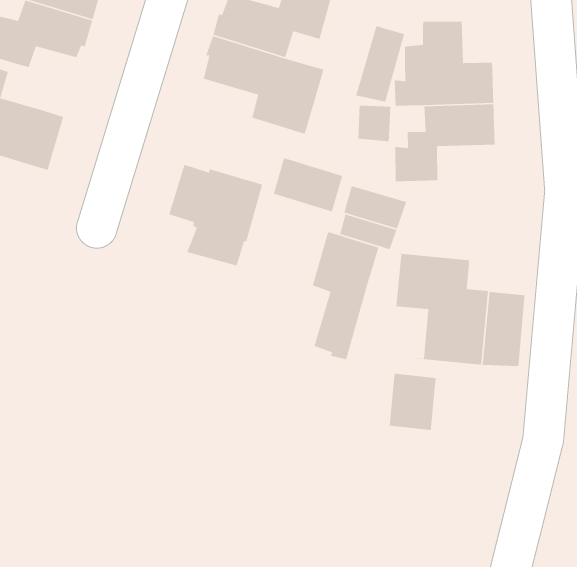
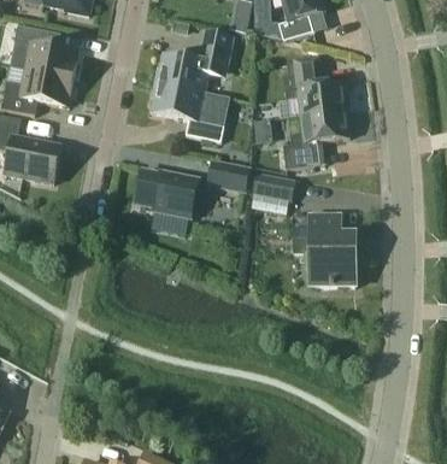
building: [355,25,405,103] -> none
building: [312,231,379,360] -> none
building: [482,291,526,367] -> none
building: [389,373,437,431] -> none

